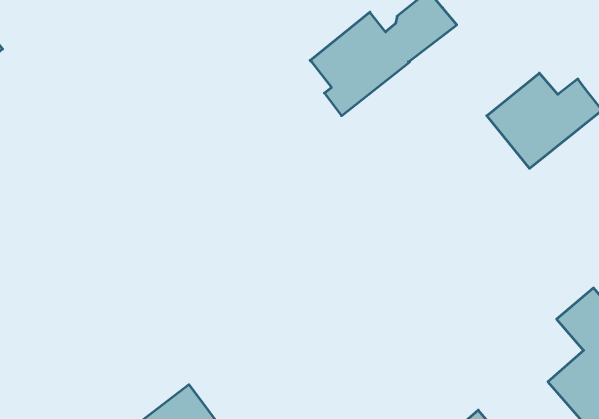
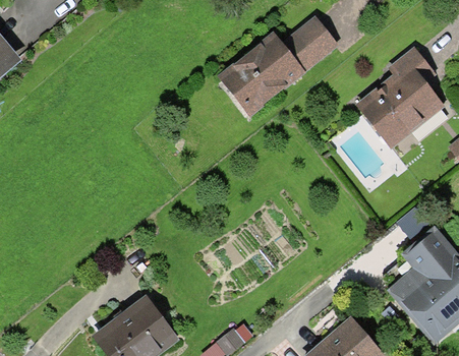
building: none -> [390,49,434,93]
building: none -> [383,253,427,298]

